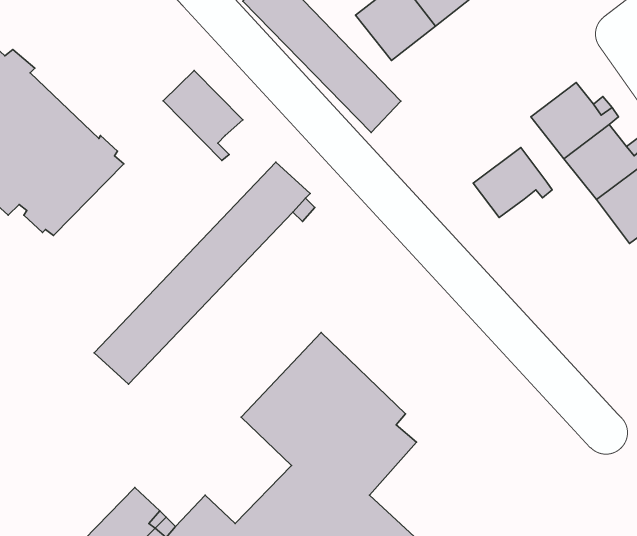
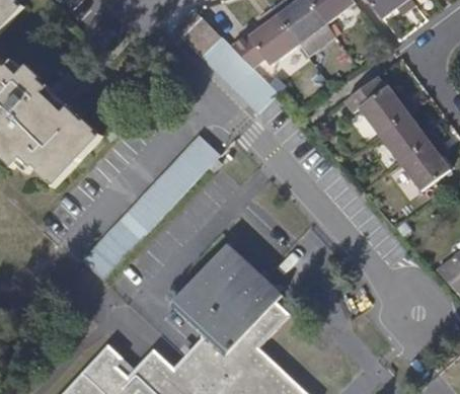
building: [163,71,243,161] -> none
building: [473,148,552,218] -> none

